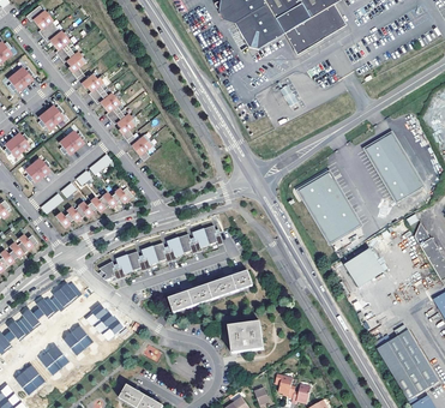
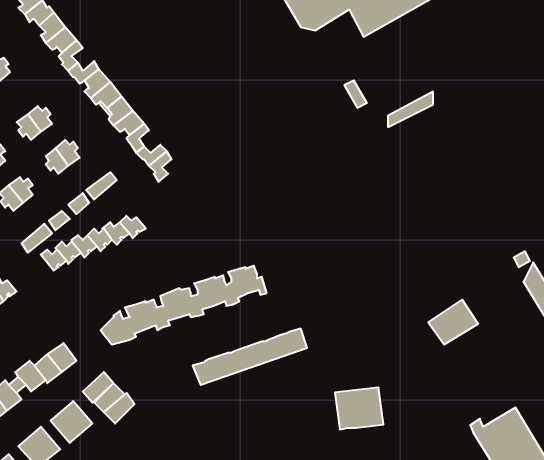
building: [366,133,423,202] -> none
building: [297,174,360,245] -> none
building: [228,322,264,353] -> [335,388,383,429]

